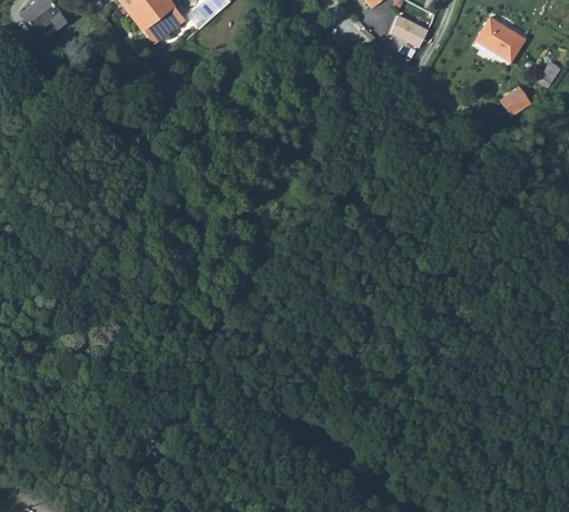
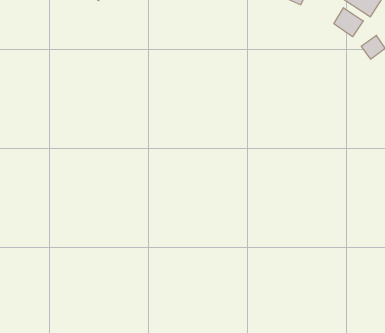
building: none -> [334,8,363,37]

